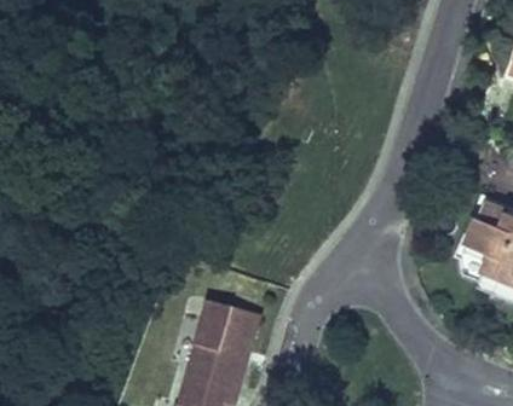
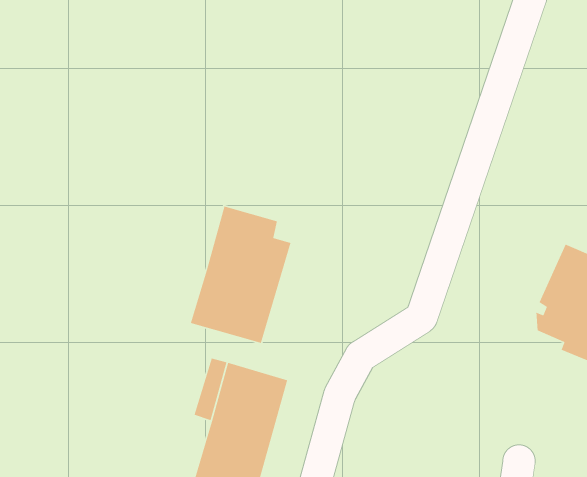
building: none -> [190,205,292,344]

